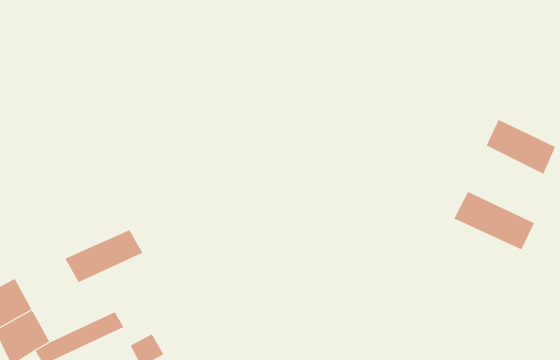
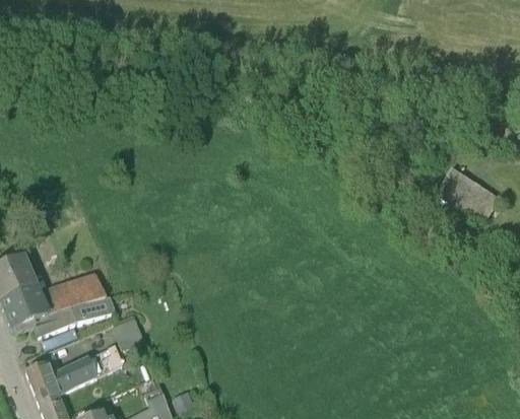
building: [454,191,535,250] -> none
building: [64,229,143,283] -> [39,273,107,313]

